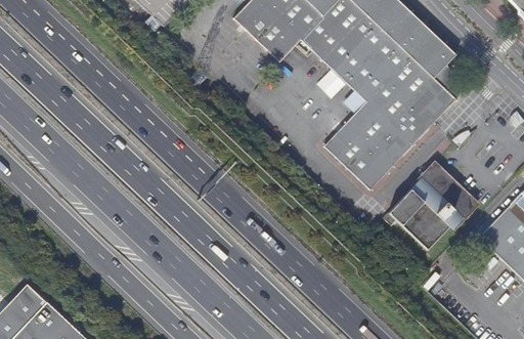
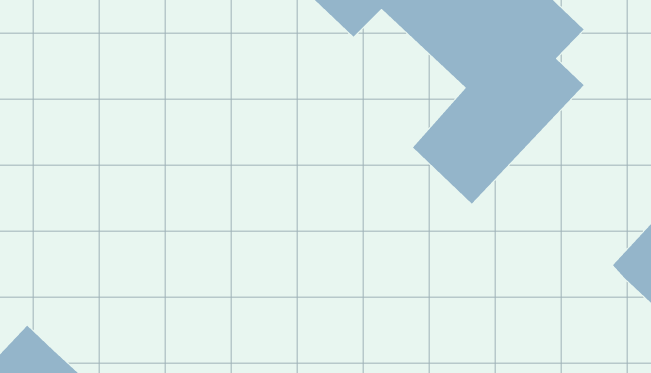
building: [386,163,479,250] -> none

